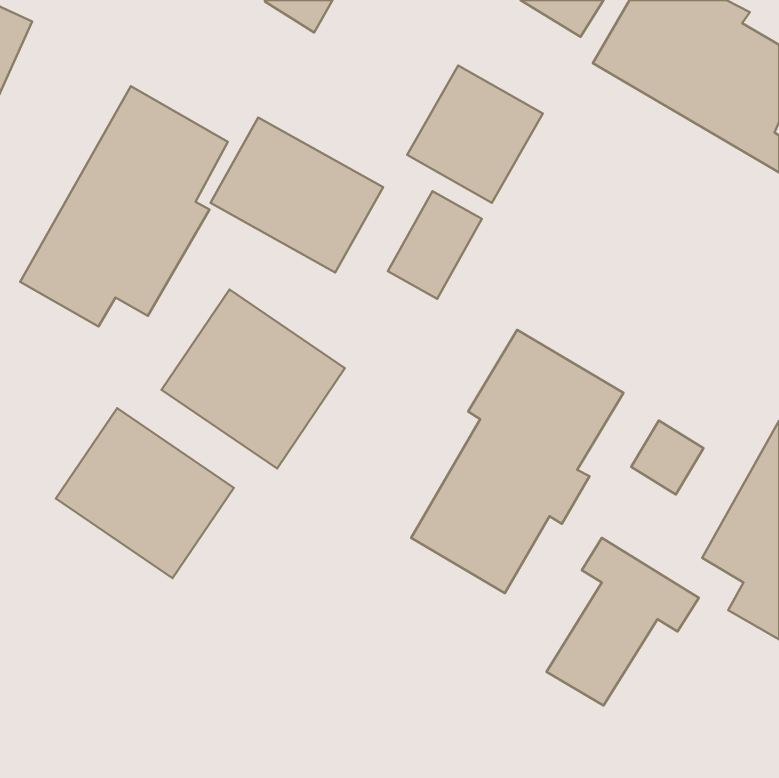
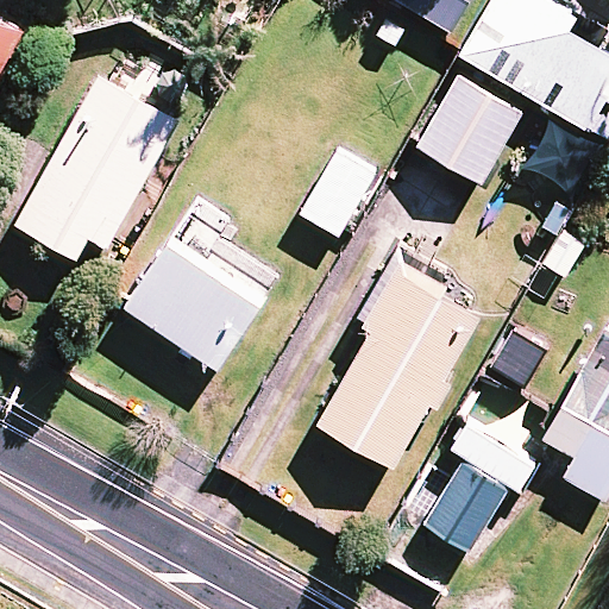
building: [407,66,543,203] -> [415,77,520,183]
building: [210,117,383,272] -> none
building: [56,408,234,578] -> none

